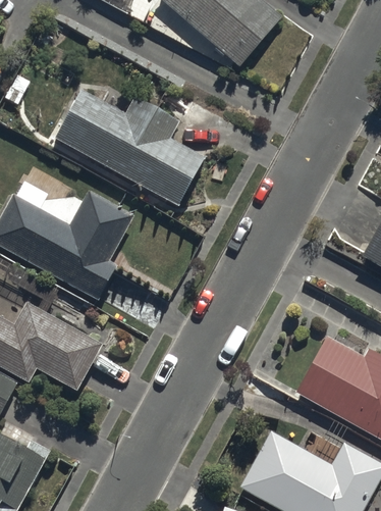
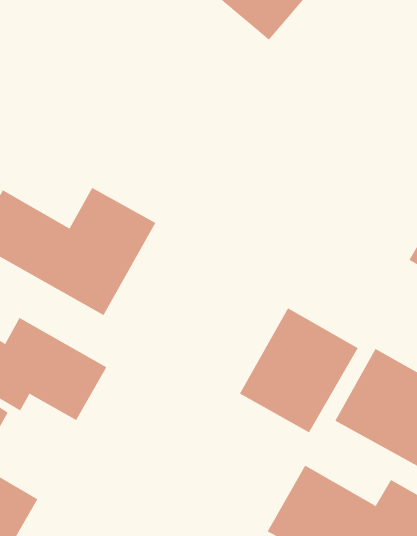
building: [52,87,208,208] -> none
building: none -> [239,307,359,433]

